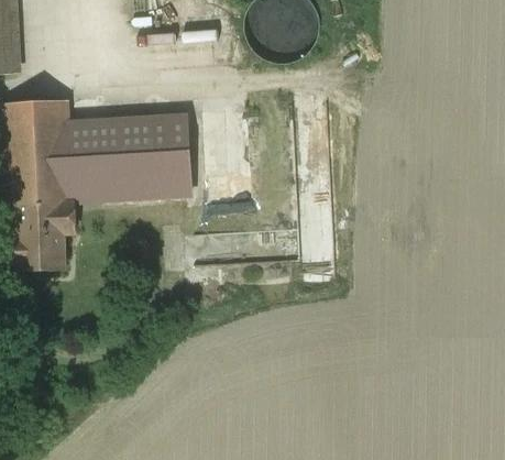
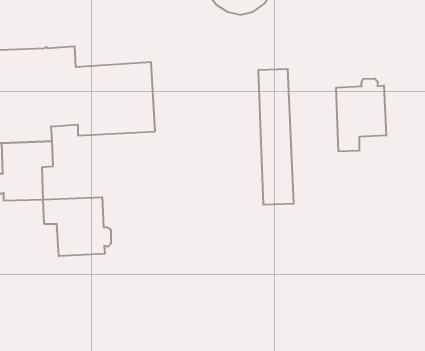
building: none -> [336,79,386,151]
building: none -> [43,197,111,256]

